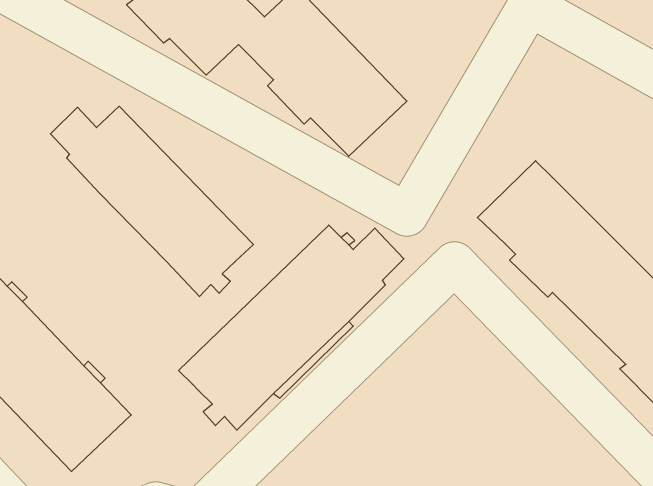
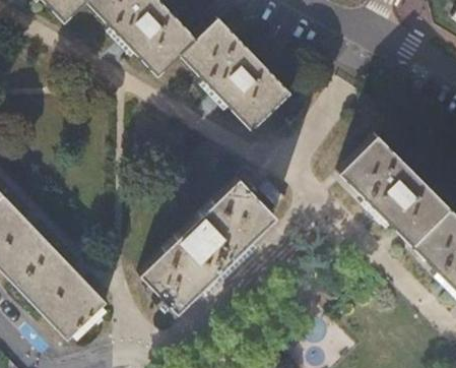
building: [50,106,253,297] -> none

